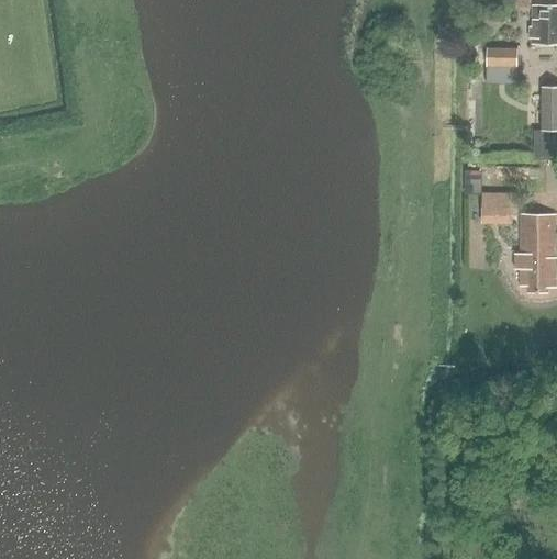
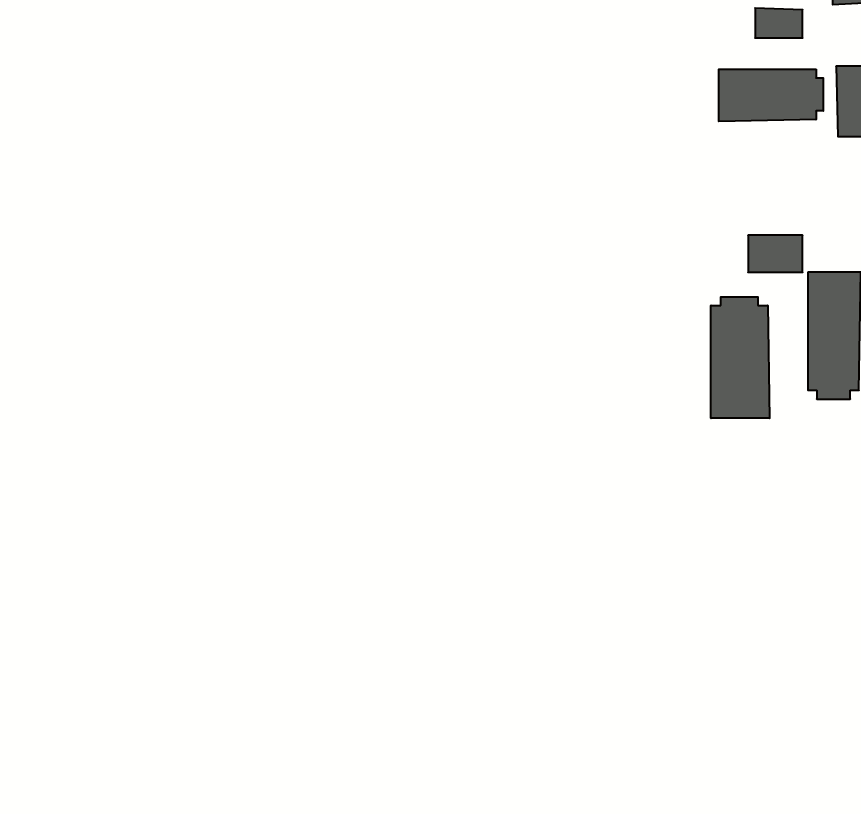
building: none -> [719,69,823,121]
building: none -> [711,297,770,418]

